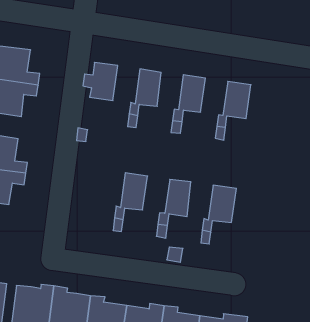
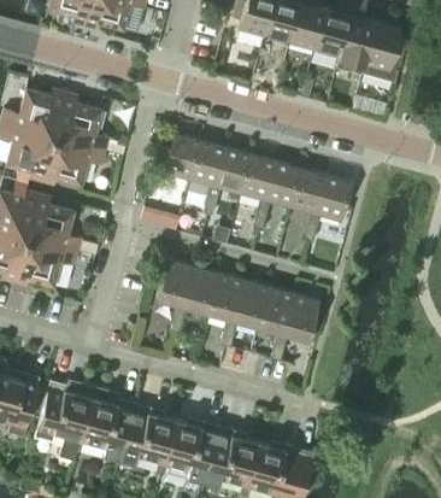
building: none -> [189,140,225,187]
building: none -> [240,154,275,200]
building: none -> [289,168,325,213]
building: none -> [155,258,193,305]
building: none -> [207,273,243,318]
building: none -> [258,286,293,333]

